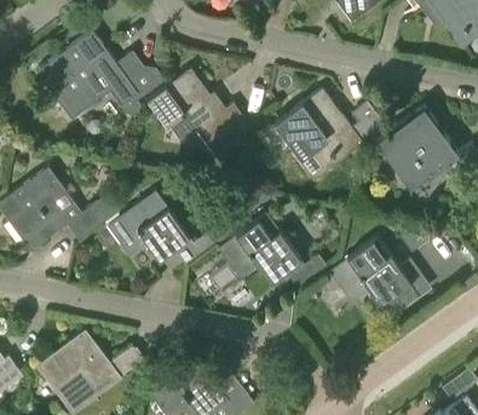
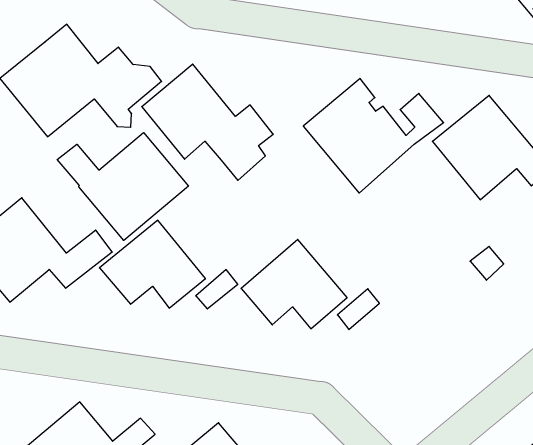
building: none -> [57,133,188,240]
building: [329,237,428,307] -> none

